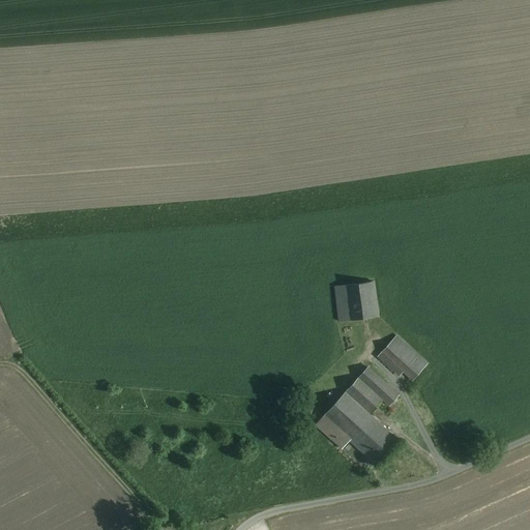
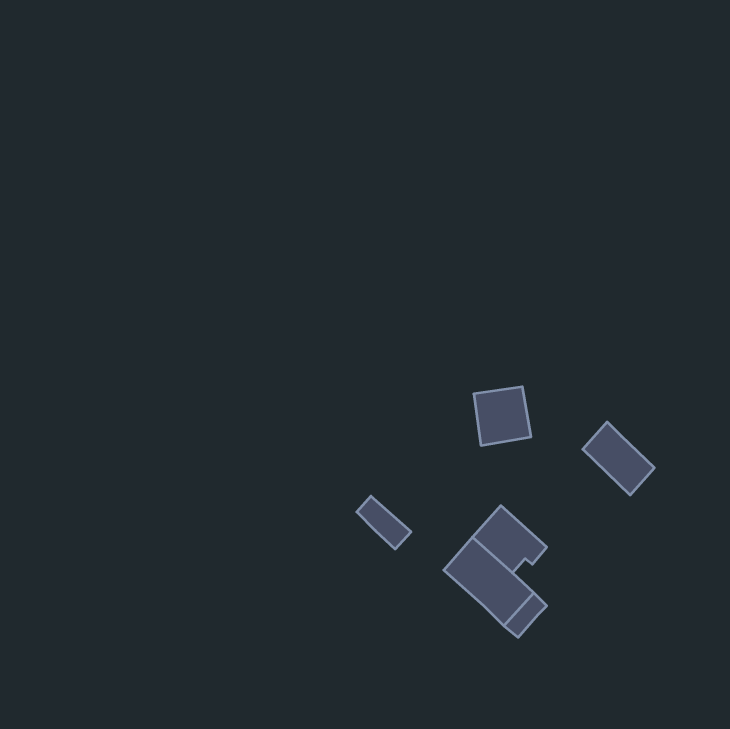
building: [375,332,426,385] -> [583,422,654,495]
building: [311,412,350,450] -> [357,496,411,549]

